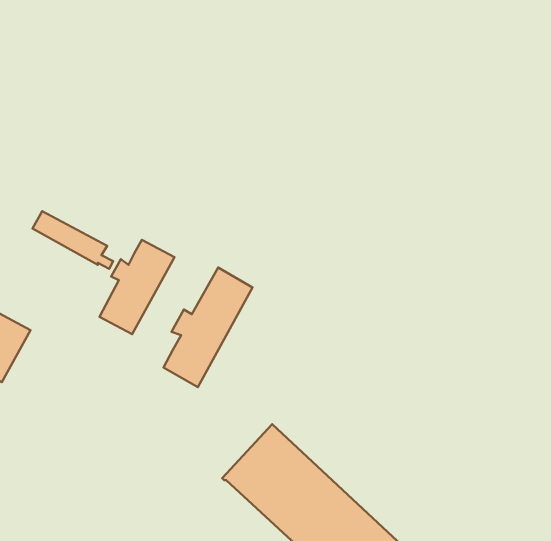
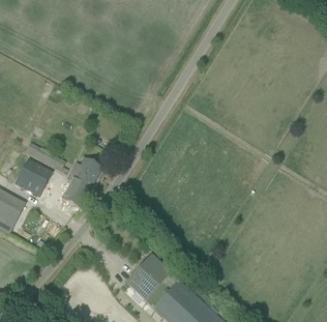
building: none -> [14,164,53,196]
building: [163,268,253,387] -> none

